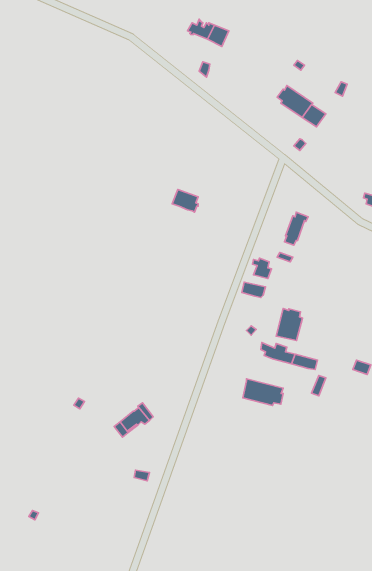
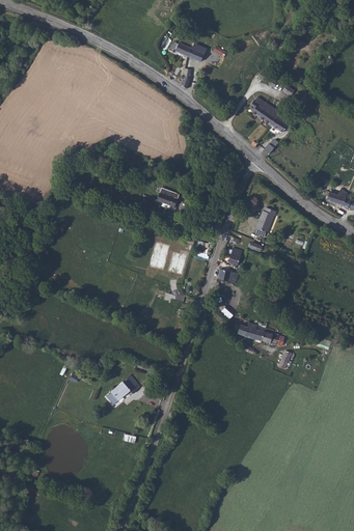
building: [276,308,303,341] -> none
building: [243,379,283,405] -> none

